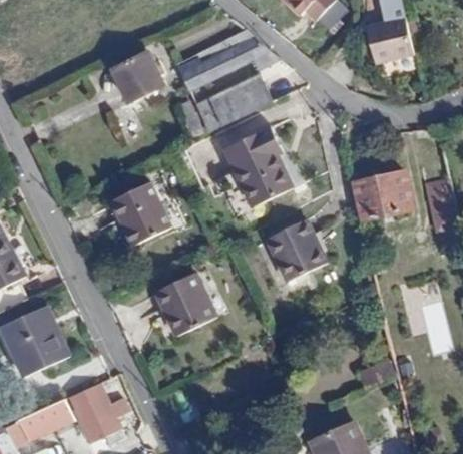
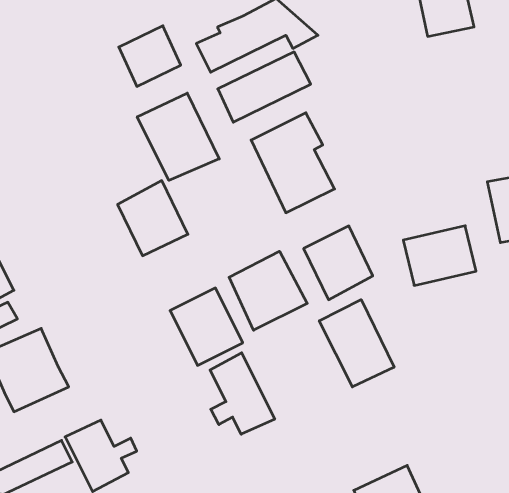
building: none -> [137,93,219,180]
building: [352,170,413,220] -> [403,226,476,285]
building: none -> [229,251,307,330]
building: none -> [319,300,394,387]
building: none -> [210,353,275,434]

